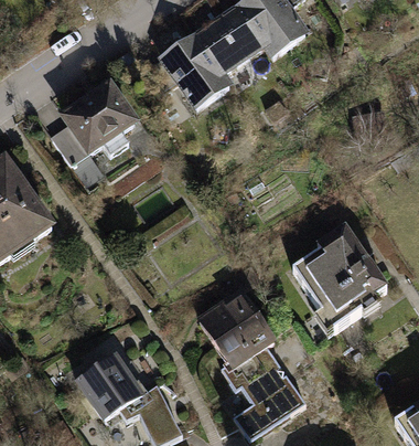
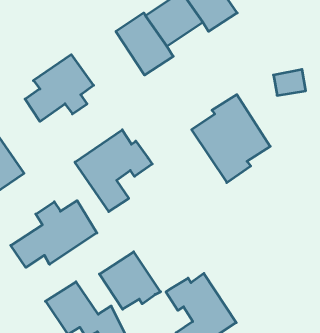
building: none -> [75,130,152,212]
building: [291,225,385,330] -> [192,95,270,183]
building: none -> [11,201,97,267]
building: [200,293,272,361] -> [99,252,161,309]

